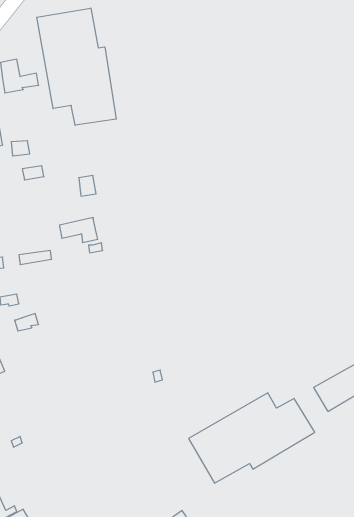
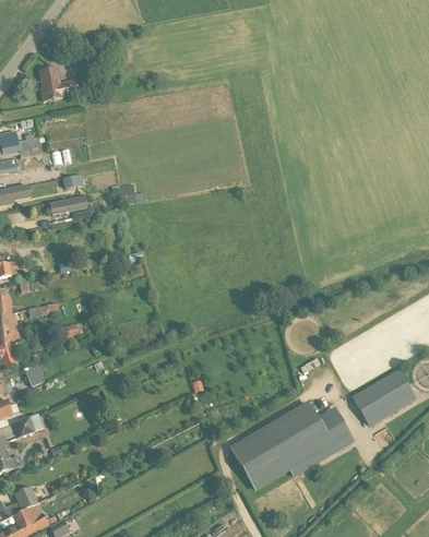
building: [37,8,116,125] -> none
building: [60,218,98,243] -> [50,193,88,218]

